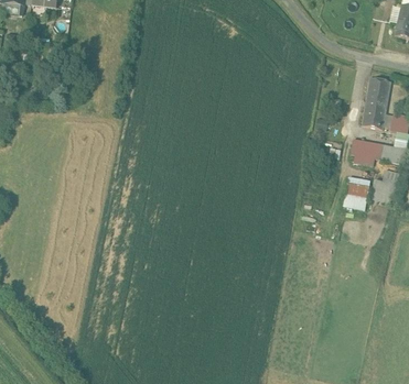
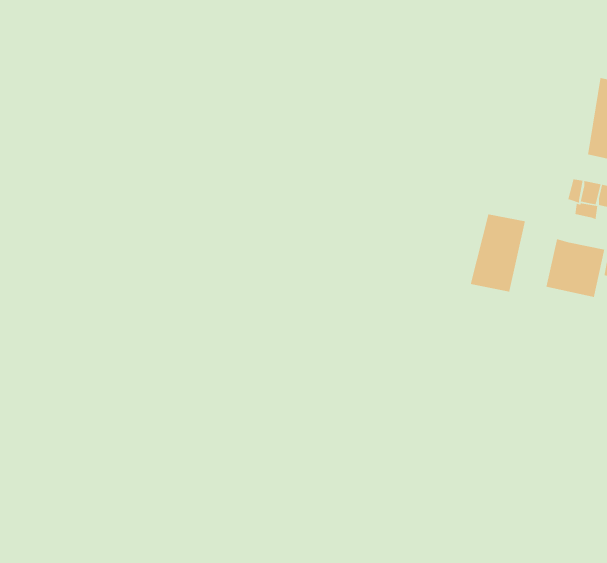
building: none -> [470,213,526,293]

